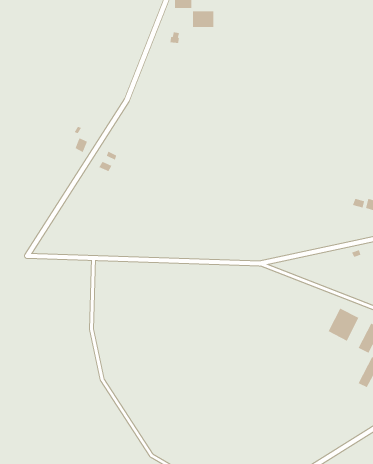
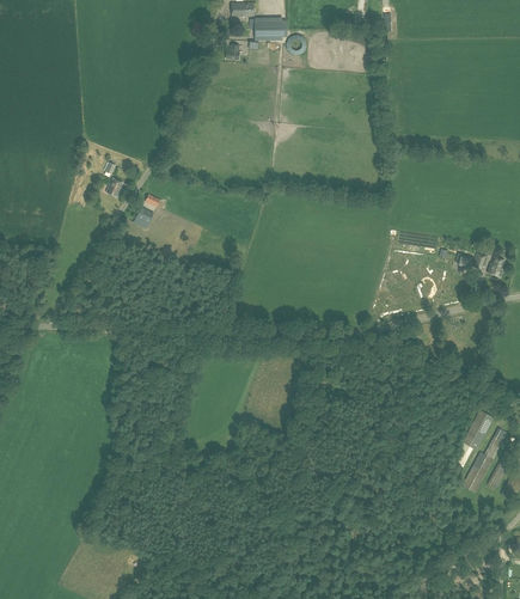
building: [327,307,360,342] -> none

